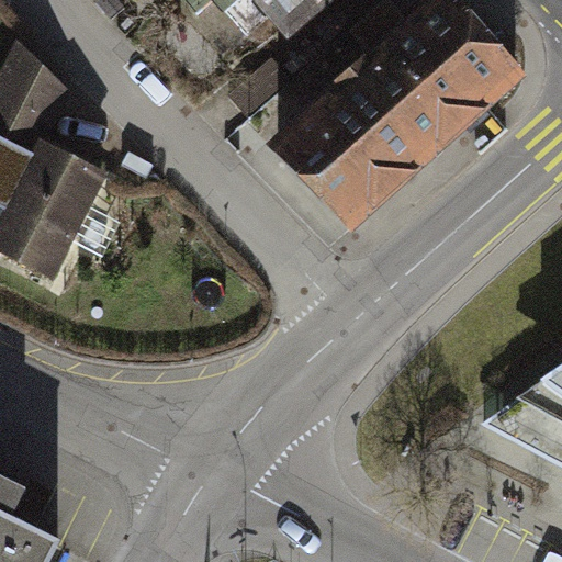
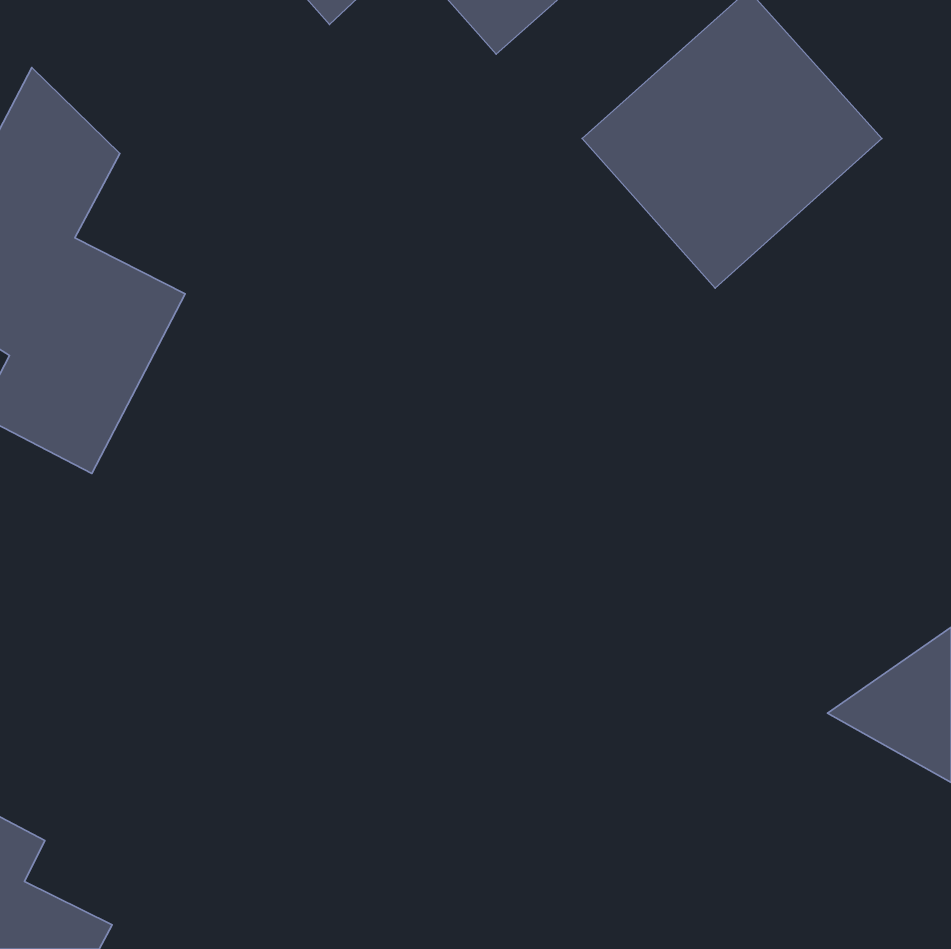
building: [268,81,419,234] -> none

